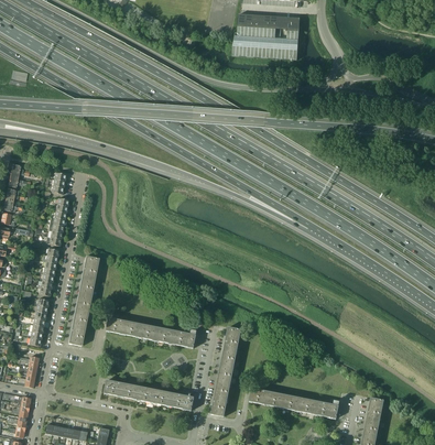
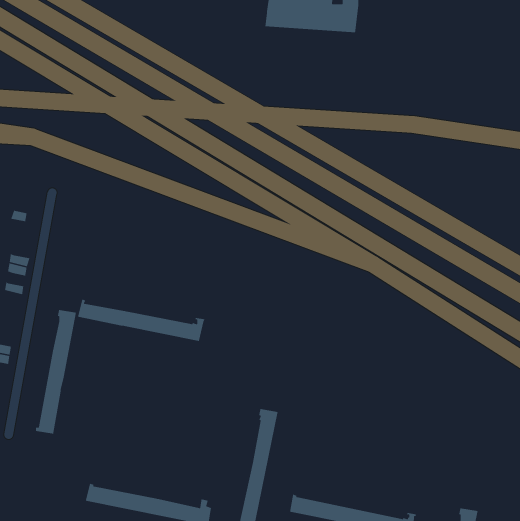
building: [106,316,197,347] -> [77,299,206,342]

